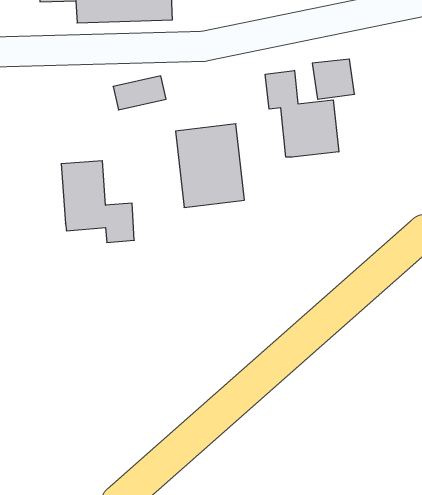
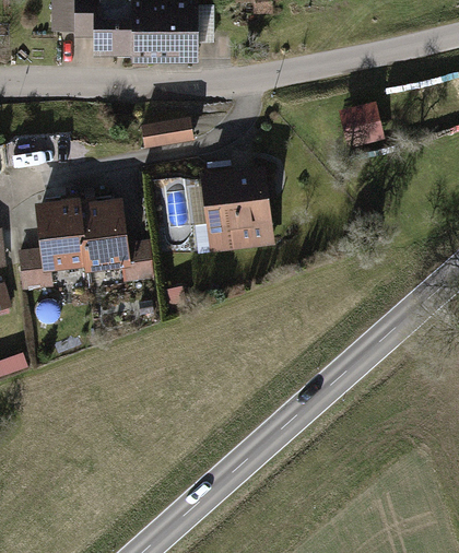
building: [265,70,339,157] -> none
building: none -> [24,197,86,285]

